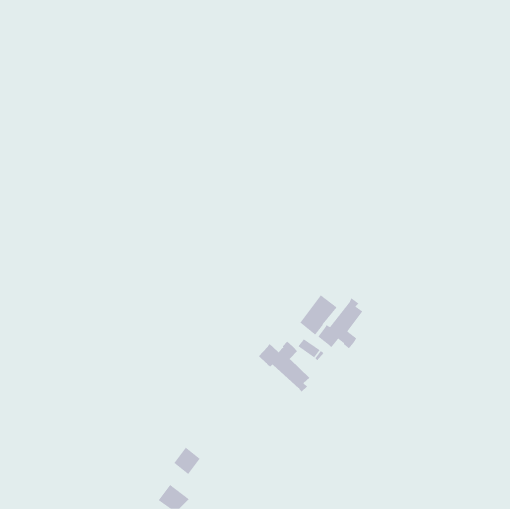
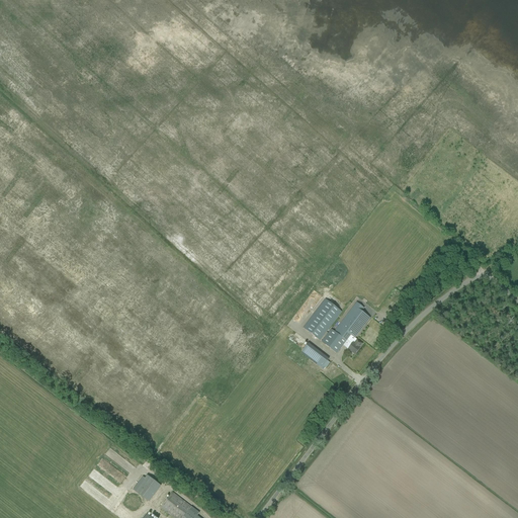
building: [258,341,310,393] -> none
building: [173,447,200,475] -> [133,472,160,501]

